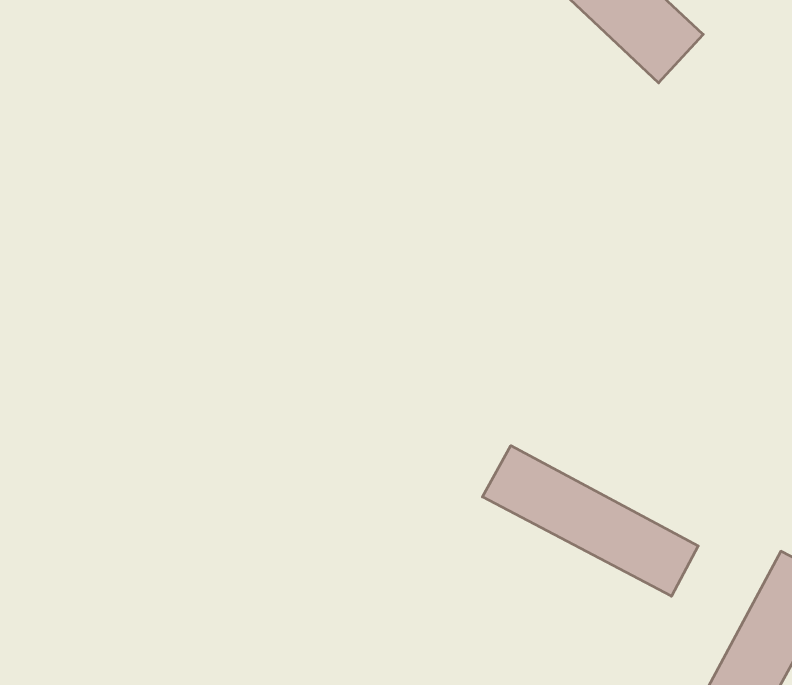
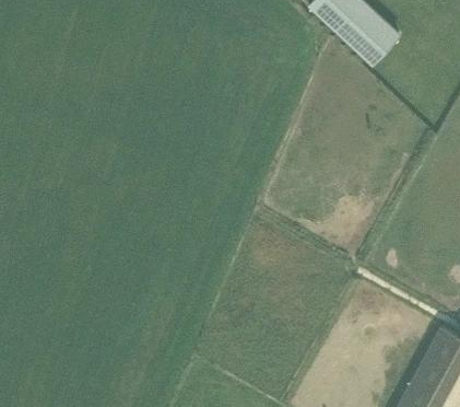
building: [482,446,698,596] -> none

